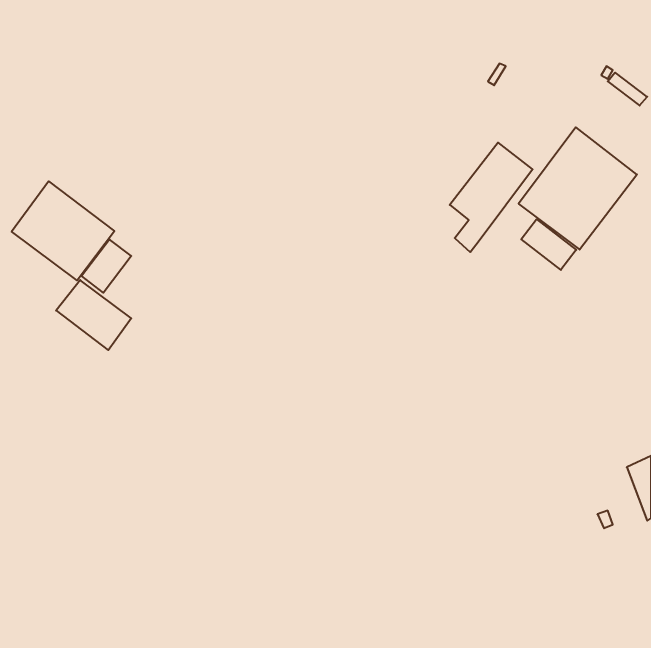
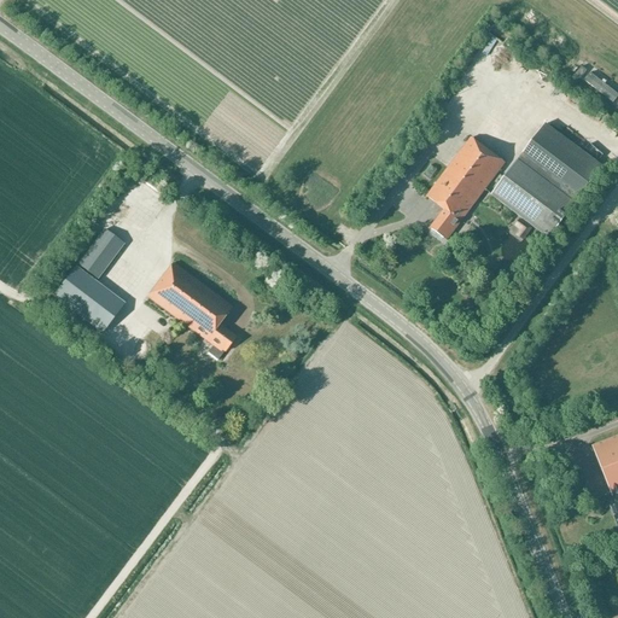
building: [12,181,114,280] -> none
building: [521,219,576,270] -> none
building: none -> [147,261,237,358]

